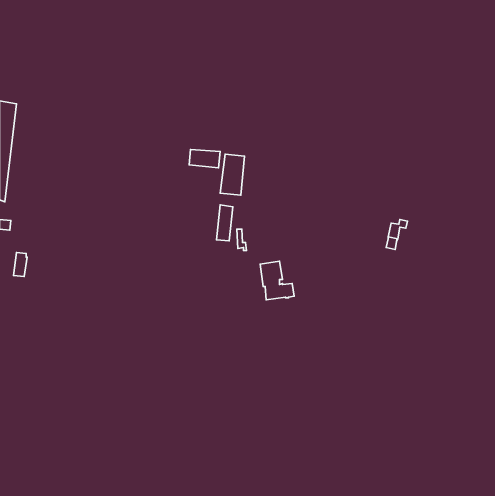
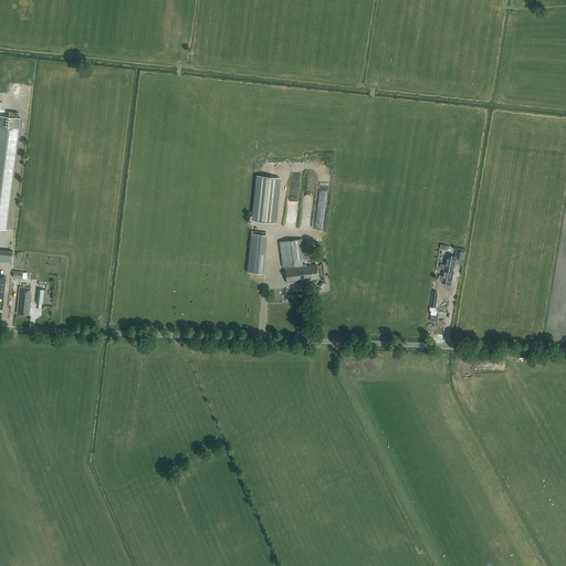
building: [189,149,220,168] -> none
building: [260,261,294,300] -> [279,239,317,283]

